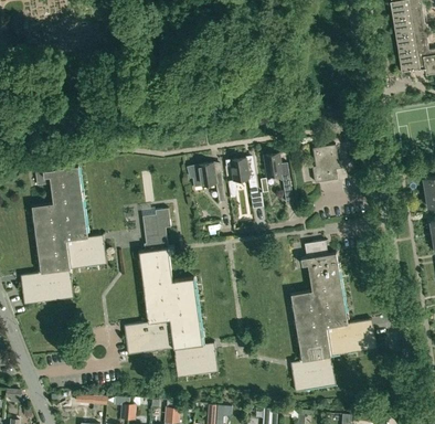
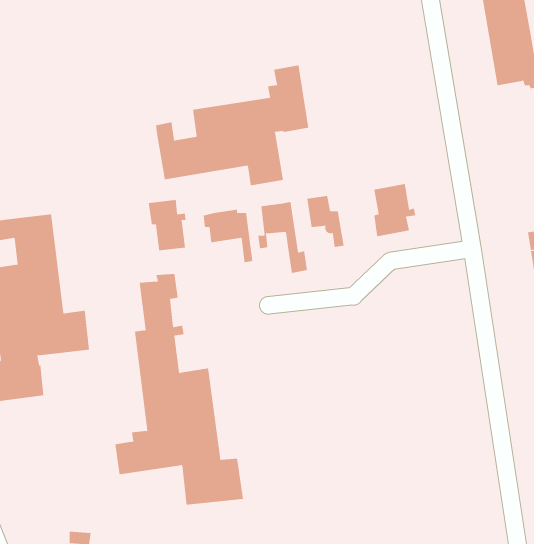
building: none -> [155,64,309,186]
building: none -> [148,199,186,251]
building: [290,240,376,391] -> none

